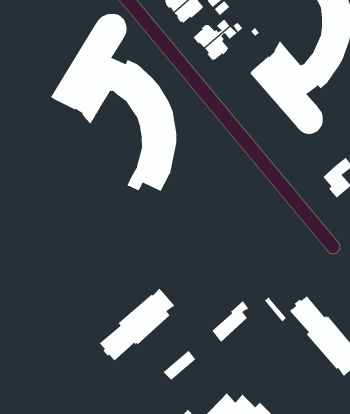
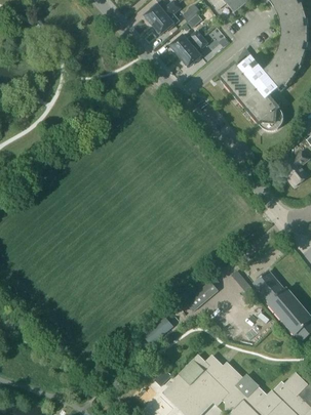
building: [50,13,177,192] -> none
building: [99,288,175,361] -> none

